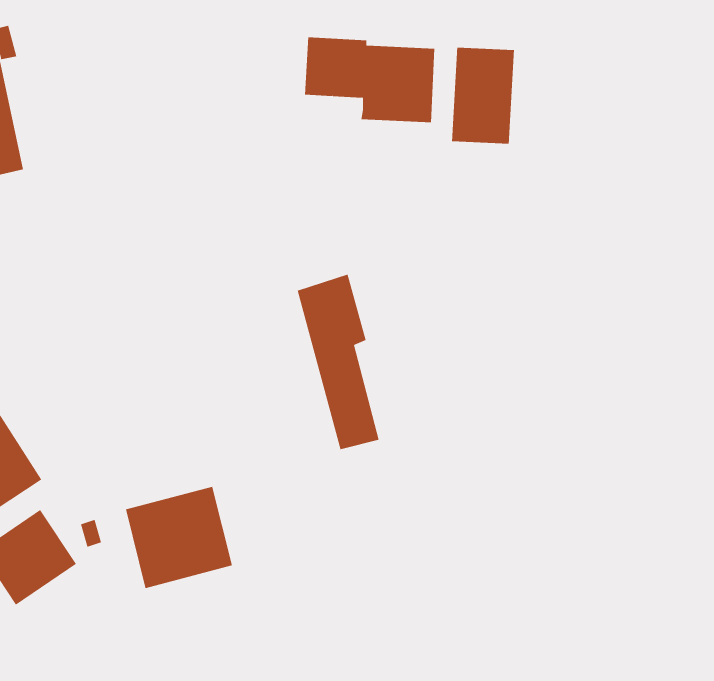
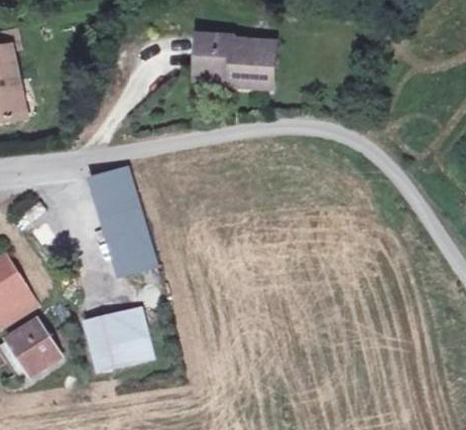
building: [452,47,515,145] -> none
building: [297,274,380,450] -> [99,165,149,272]

